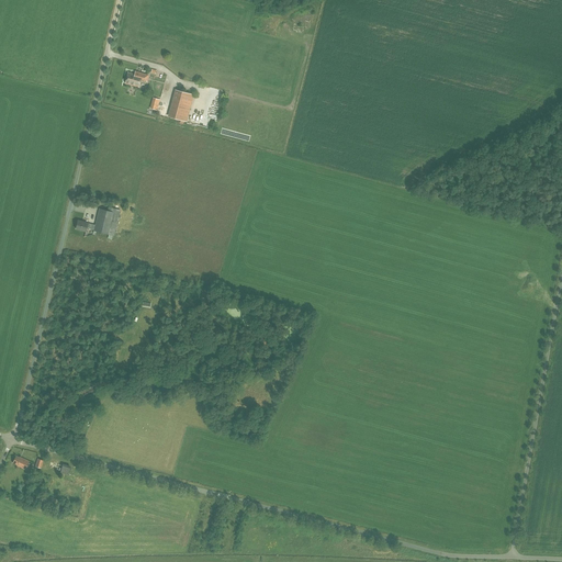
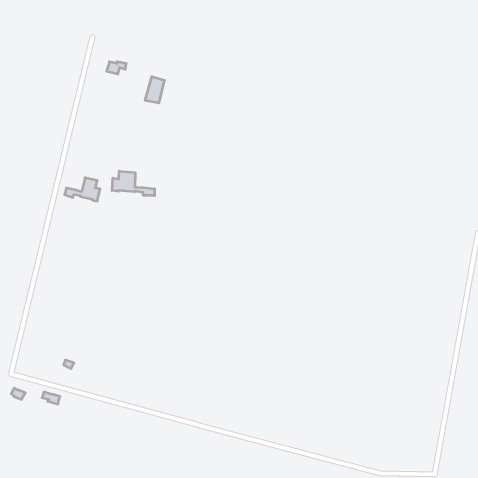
building: none -> [112,171,155,196]

